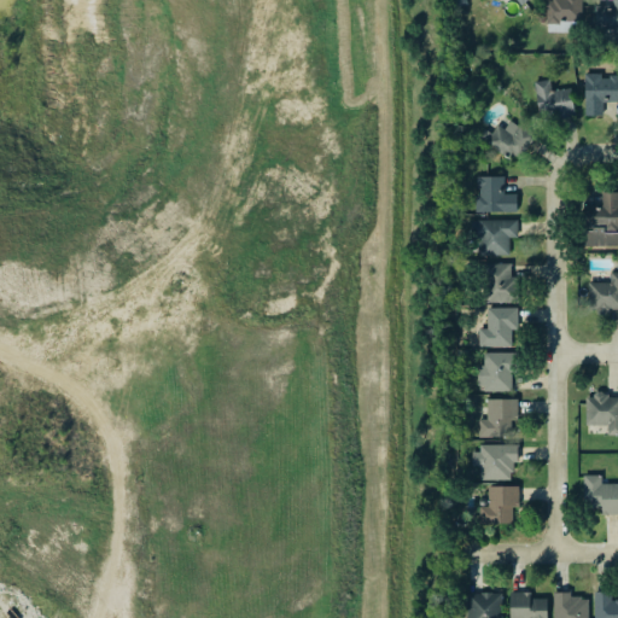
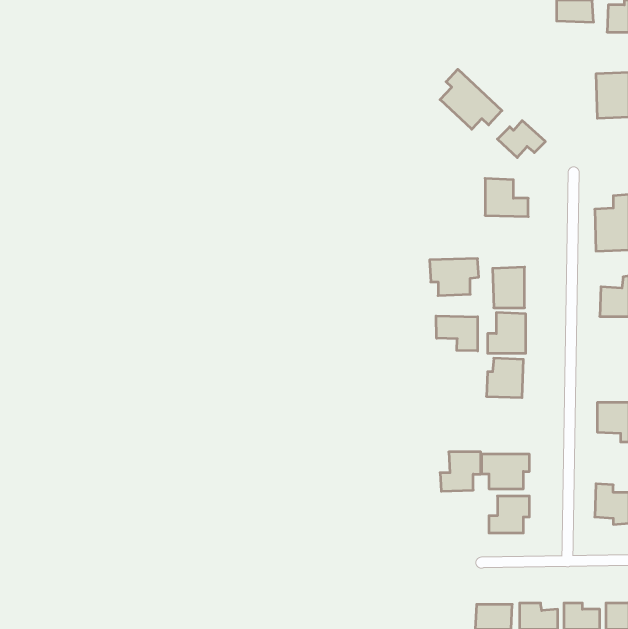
building: none -> [440,69,502,129]
building: [535,78,576,118] -> none
building: [471,218,519,255] -> [430,259,479,296]
building: none -> [436,316,478,351]
building: [479,398,519,437] -> [440,452,481,491]

